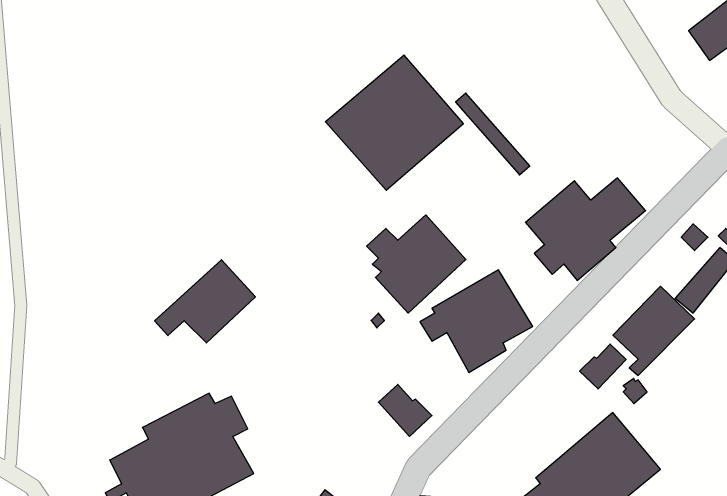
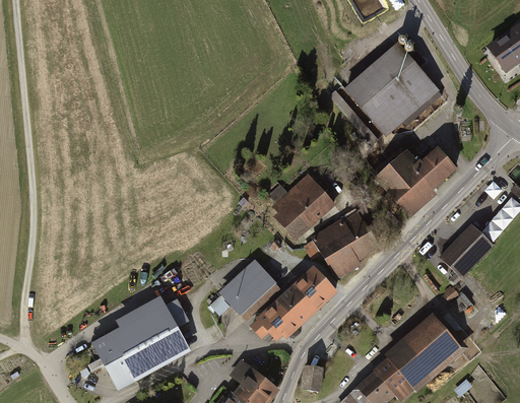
building: [325,55,463,190] -> [345,44,440,136]
building: [155,260,255,343] -> [208,262,277,319]
building: [580,344,626,389] -> none
building: none -> [288,268,333,311]
building: none -> [253,301,297,338]

